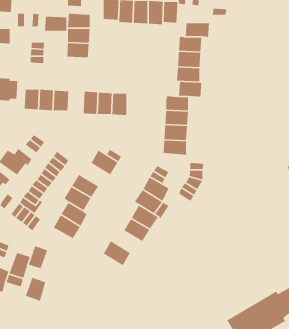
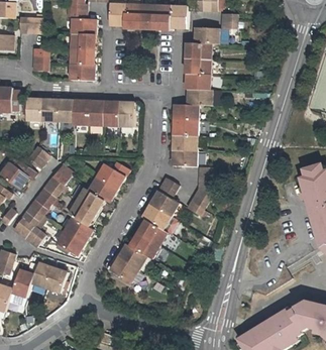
building: [44,16,67,31] -> [69,65,93,81]
building: none -> [71,100,88,124]
building: none -> [87,176,116,202]
building: none -> [116,243,146,269]
building: [25,277,46,302] -> [43,266,66,293]

